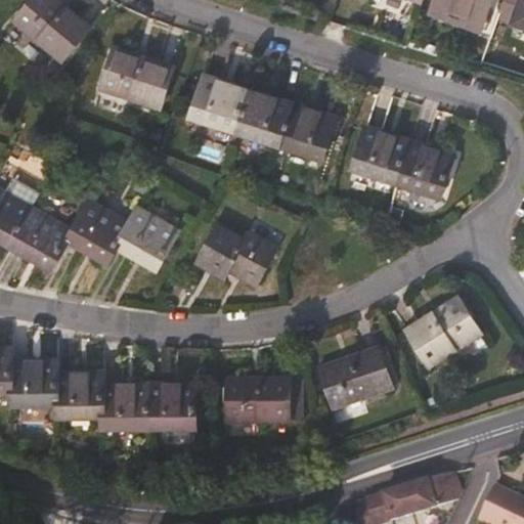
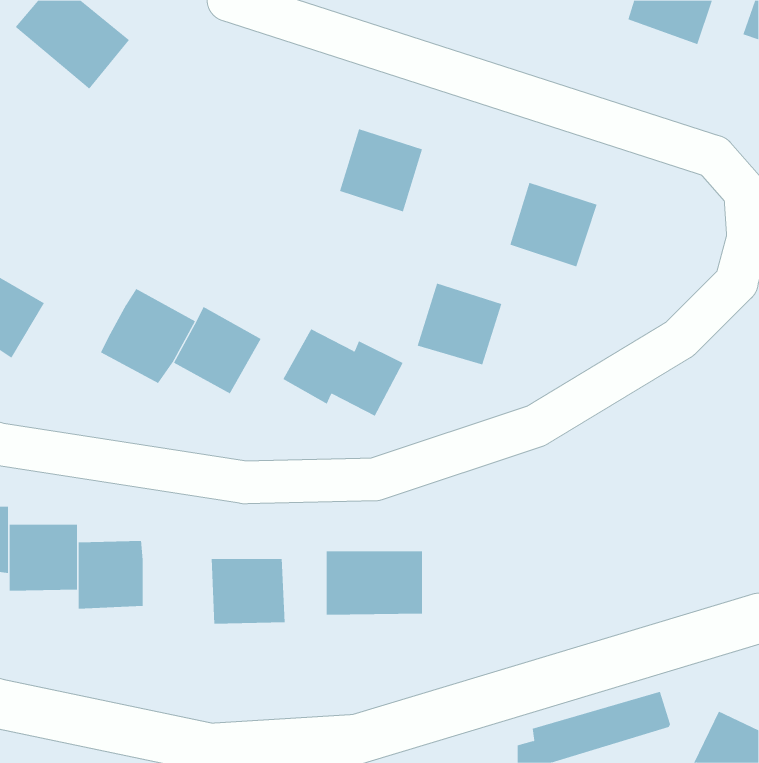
building: [96,46,175,110] -> none
building: [186,74,246,131] -> none
building: [276,102,335,159] -> [417,283,502,365]
building: [395,140,453,198] -> none
building: [8,208,74,270] -> none
building: [403,296,480,366] -> none
building: [315,347,392,408] -> none
building: [98,383,146,429] -> none

